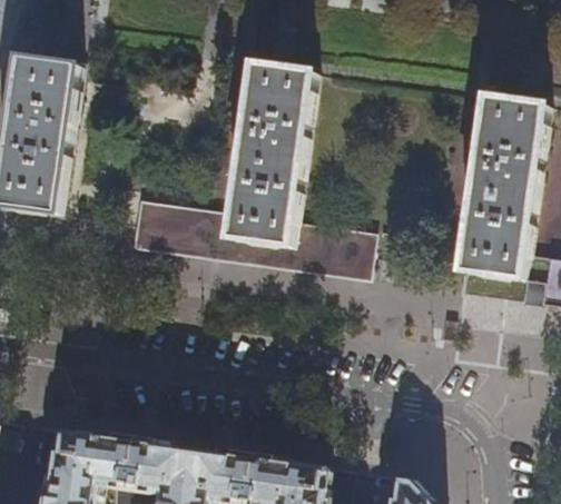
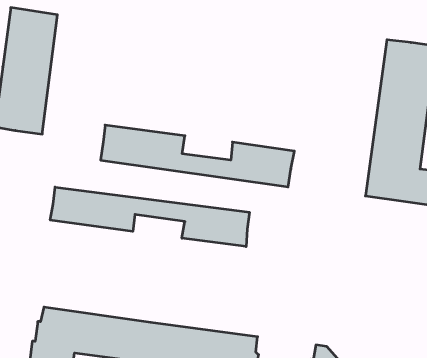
building: [228,63,312,246] -> none
building: none -> [50,187,249,247]

